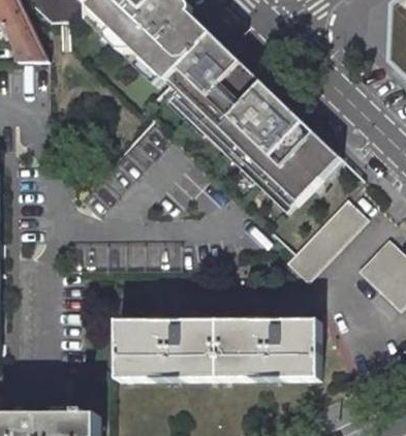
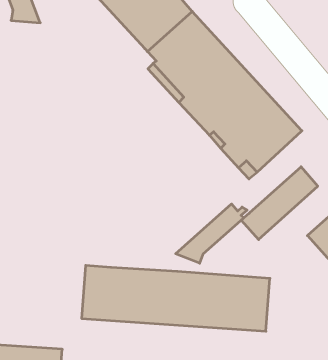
building: none -> [176,204,247,263]

